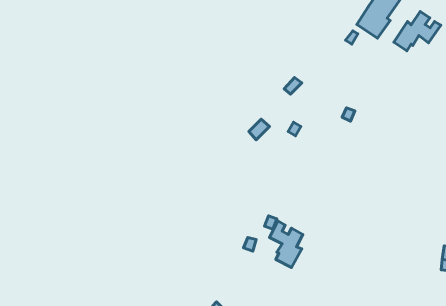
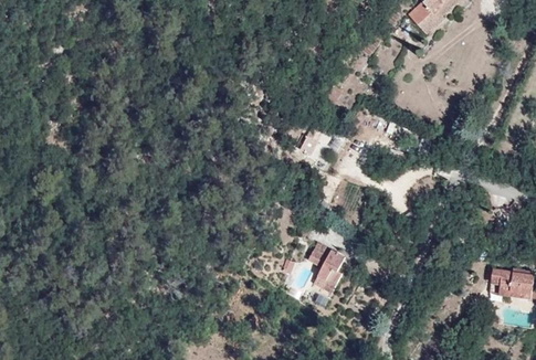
building: [394,12,441,51] -> none

